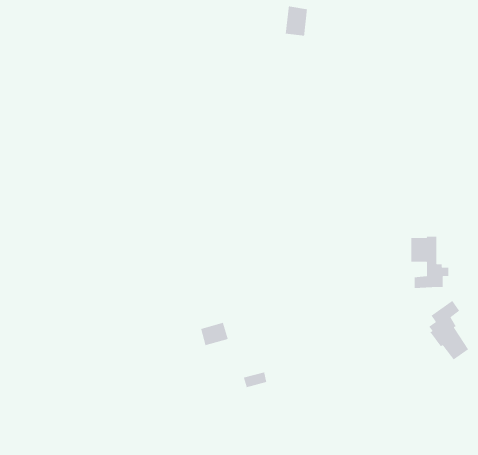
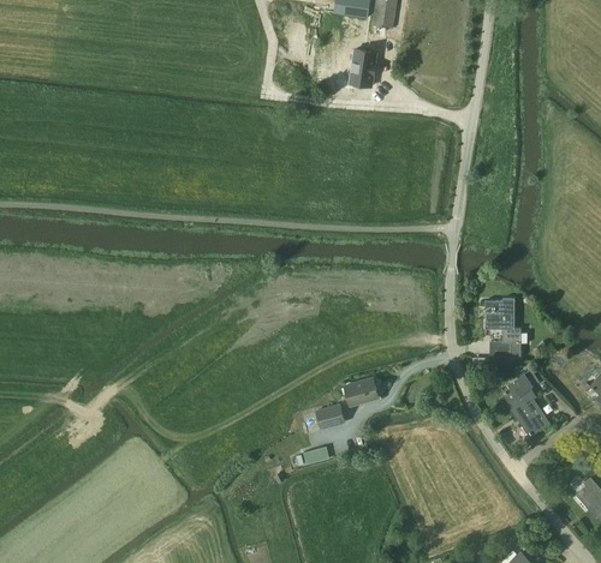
building: none -> [343,378,377,406]
building: [200,322,229,346] -> [314,403,345,430]

